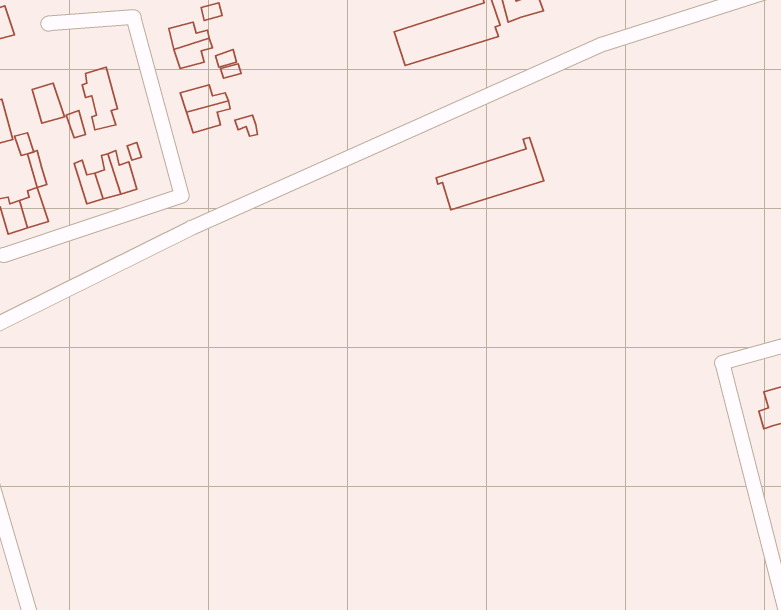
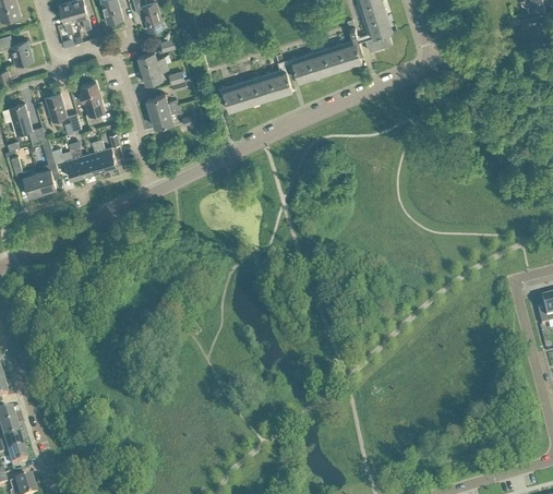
building: [436,138,544,210] -> [218,61,291,110]
building: none -> [51,148,82,179]

